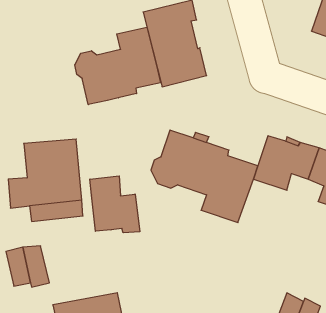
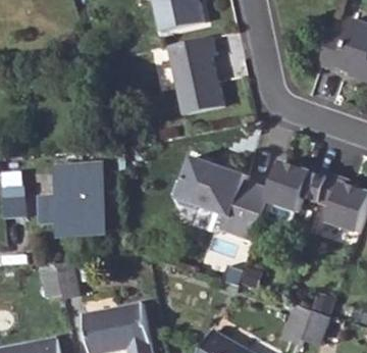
building: [75,27,161,105] -> none
building: [90,176,140,233] -> none

